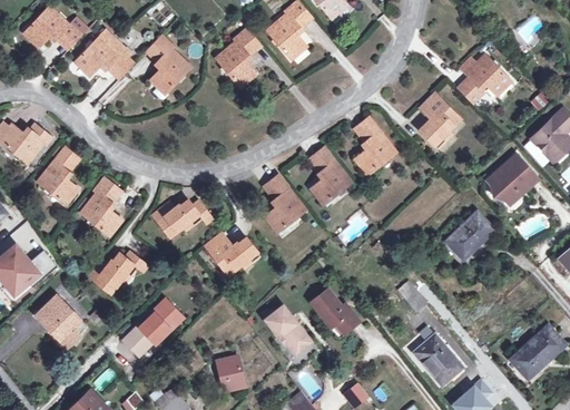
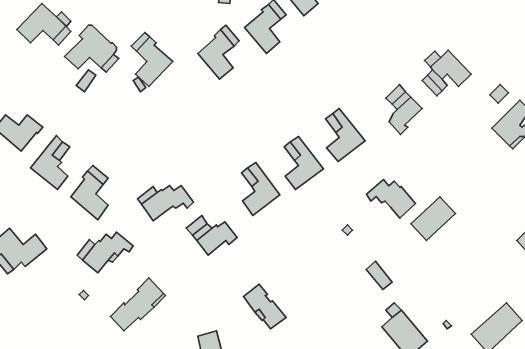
building: [490,156,538,204] -> none
building: none -> [367,180,416,218]
building: [311,287,360,332] -> none
building: [37,296,79,348] -> none

